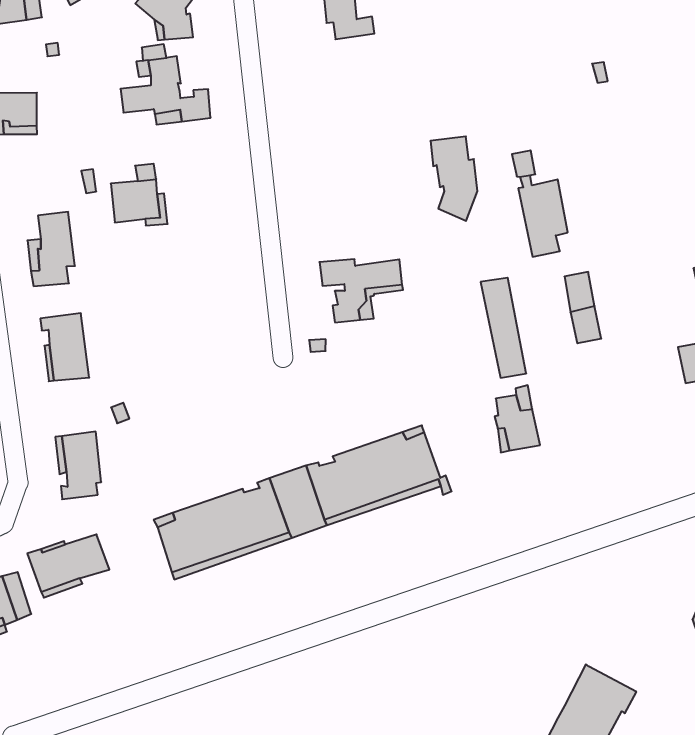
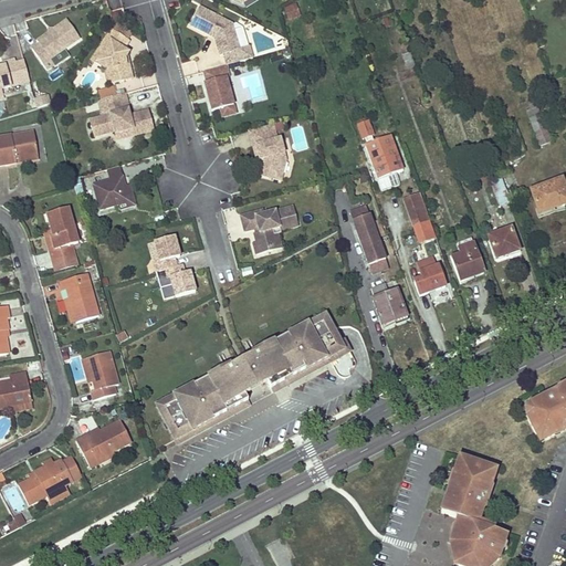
building: none -> [203,63,233,109]
building: [430,136,477,221] -> [249,122,285,178]
building: none -> [148,234,196,298]
building: none -> [452,237,483,279]
building: none -> [413,256,444,293]

